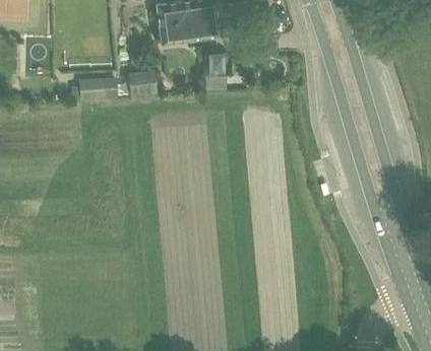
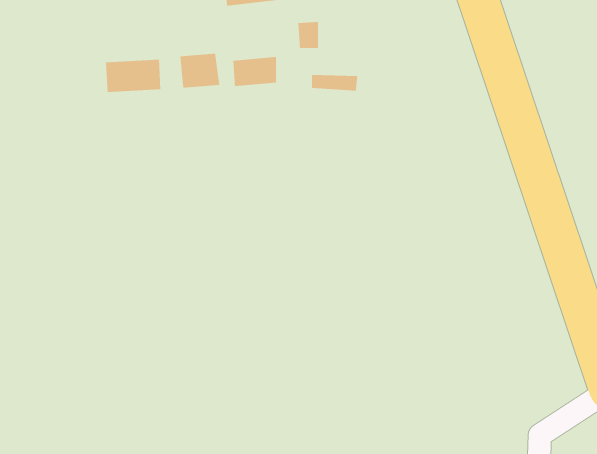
building: none -> [233,56,276,87]

